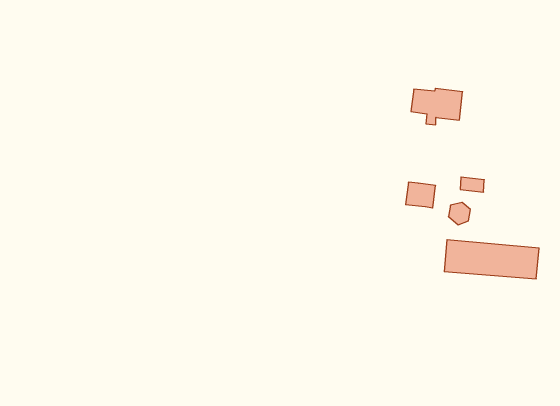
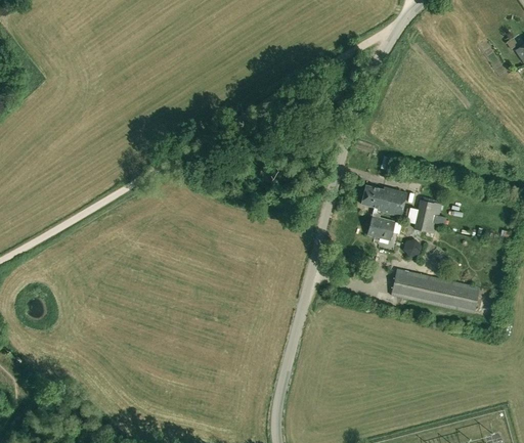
building: [411,88,463,125] -> [361,184,407,217]
building: none -> [418,200,441,222]

